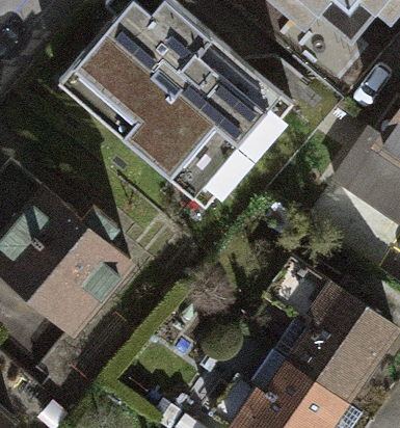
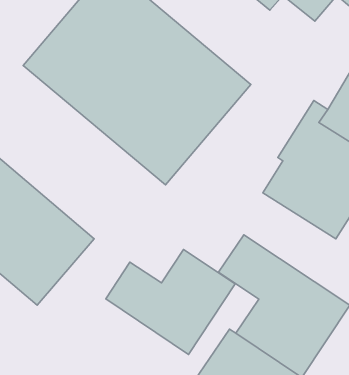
building: none -> [106,249,235,355]

